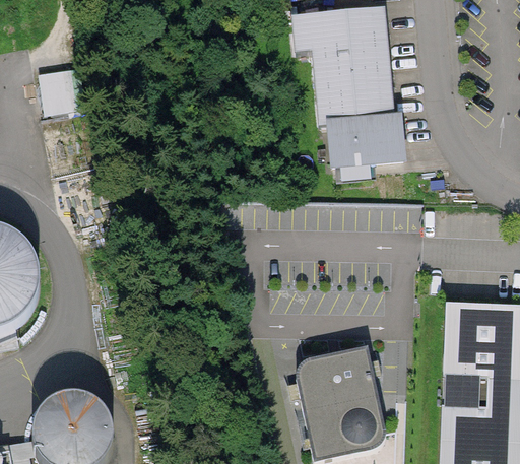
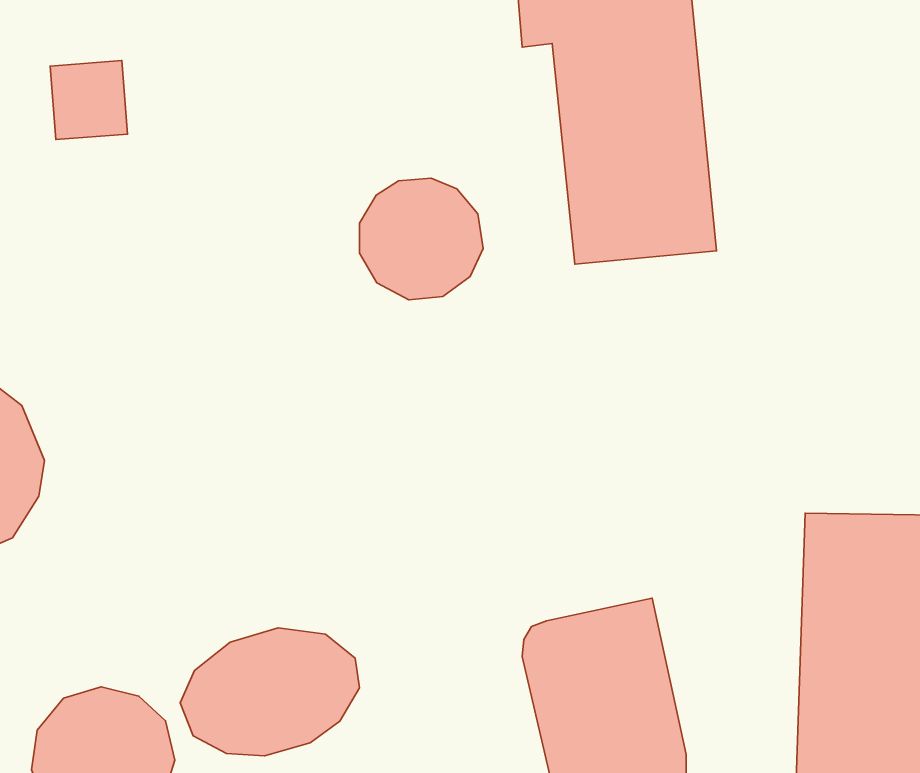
building: none -> [359,178,483,300]
building: none -> [180,628,359,756]

